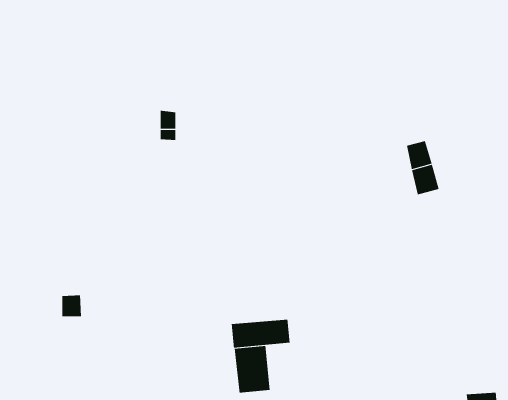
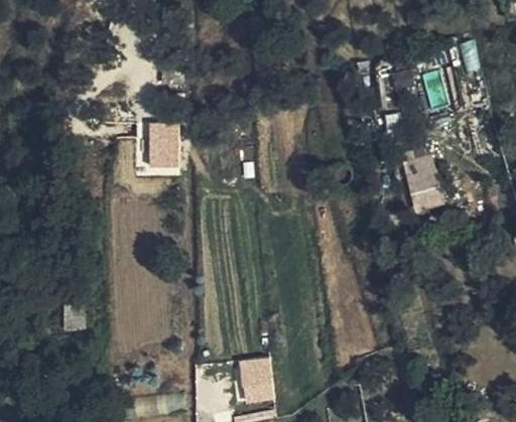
building: [231,319,290,348] -> none

